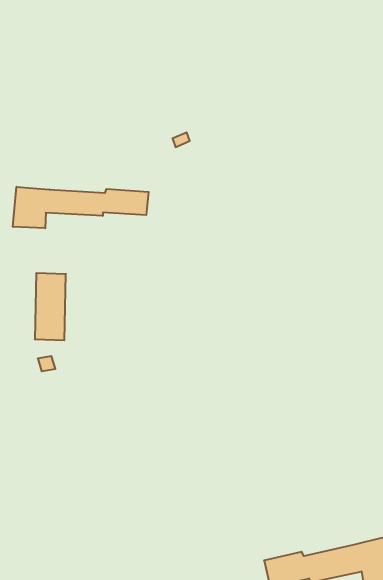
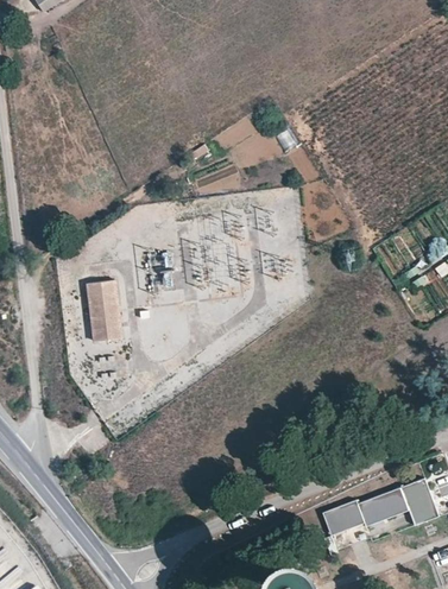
building: [13,187,149,228] -> none

